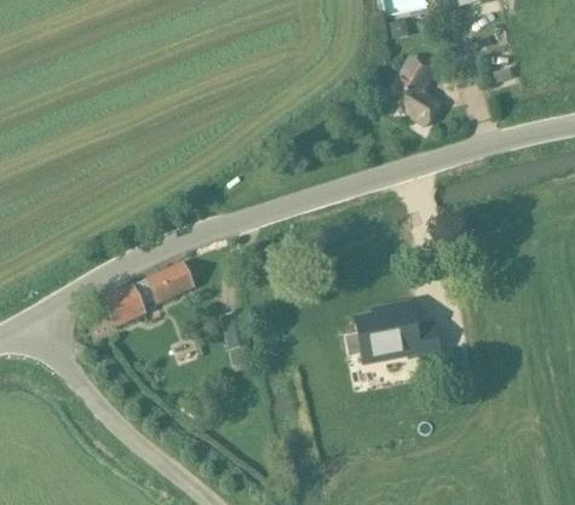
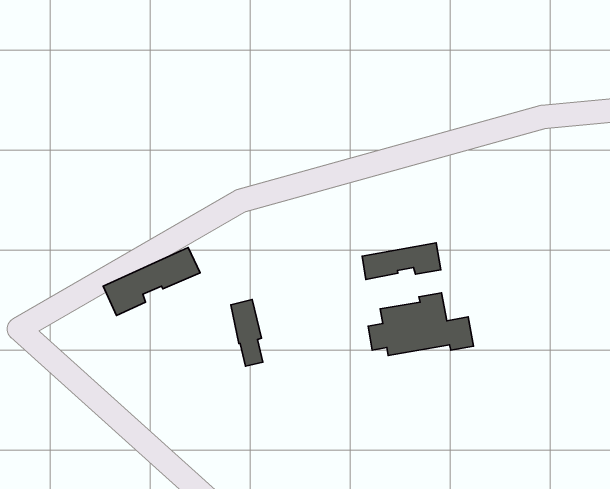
building: [386,56,442,124] -> none
building: none -> [362,243,441,280]

